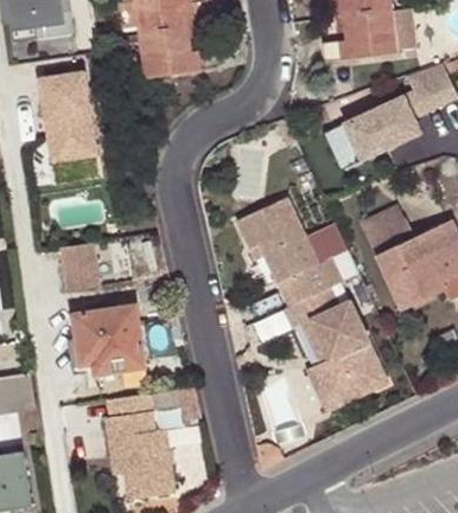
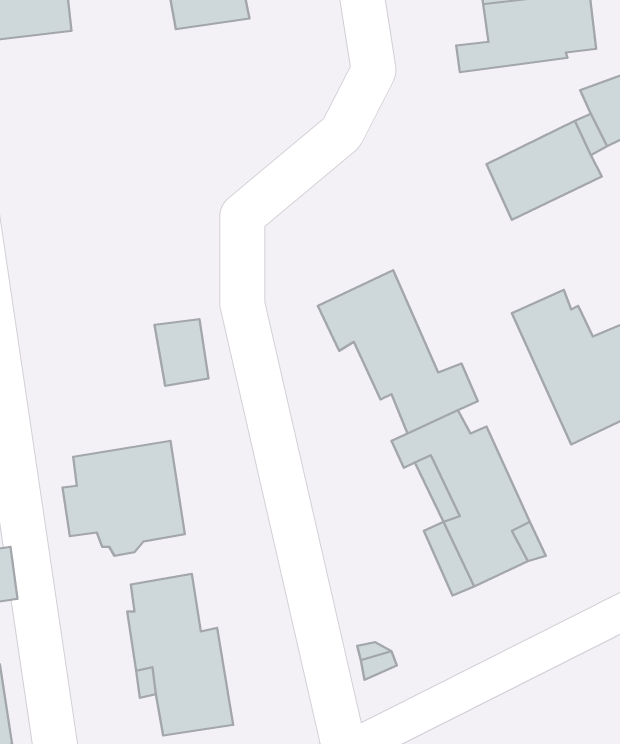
building: [139,26,217,75] -> none
building: [38,76,96,167] -> none
building: [62,245,97,289] -> [154,319,208,386]

